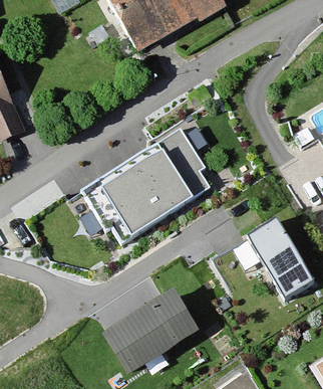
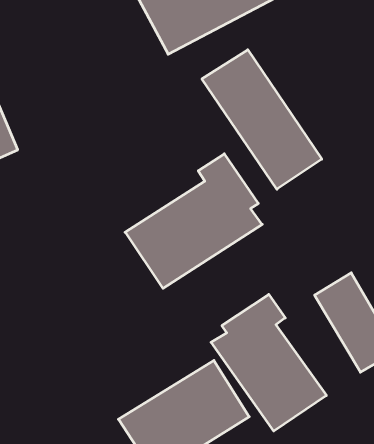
building: none -> [202,50,322,189]
building: none -> [211,294,326,431]

